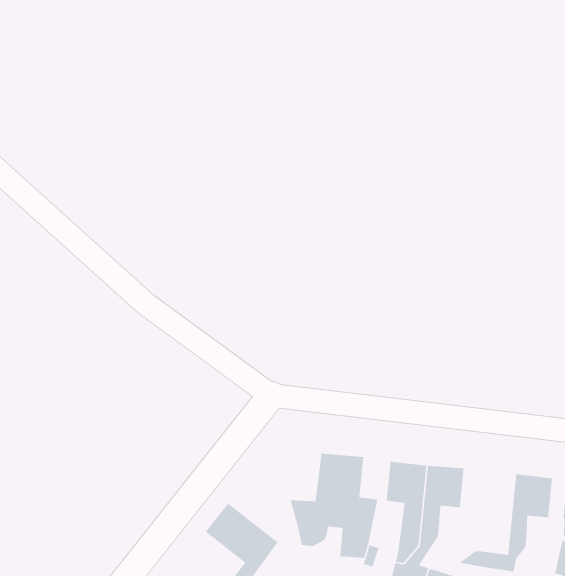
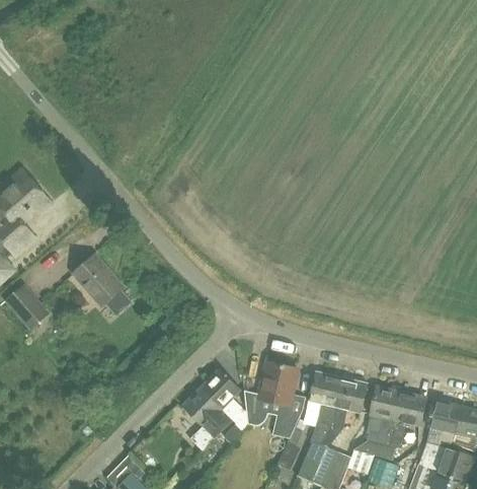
building: none -> [73,254,123,305]
building: none -> [365,387,400,446]
building: none -> [201,369,247,431]

